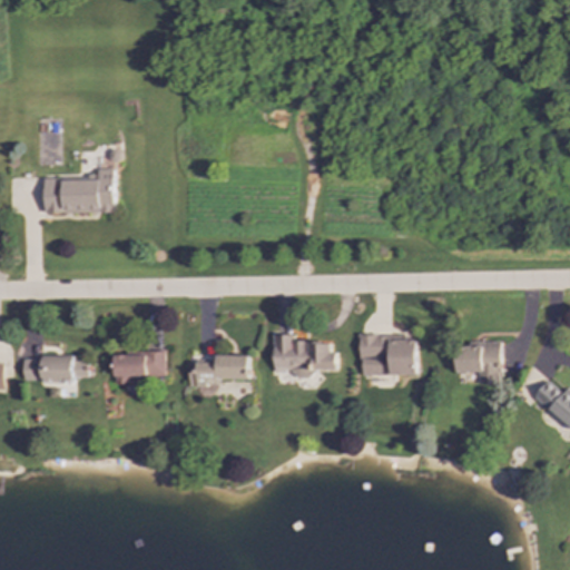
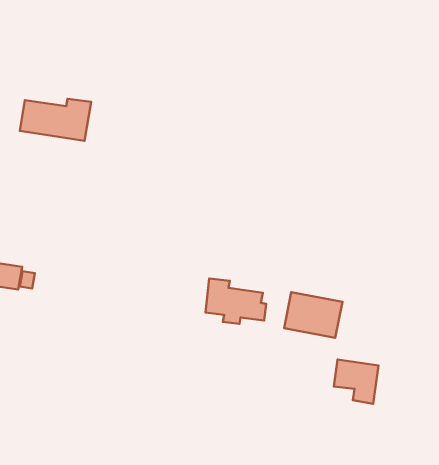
building: [455,342,501,383] -> [334,360,379,404]
building: [112,351,164,383] -> none
building: [188,354,248,394] -> none

